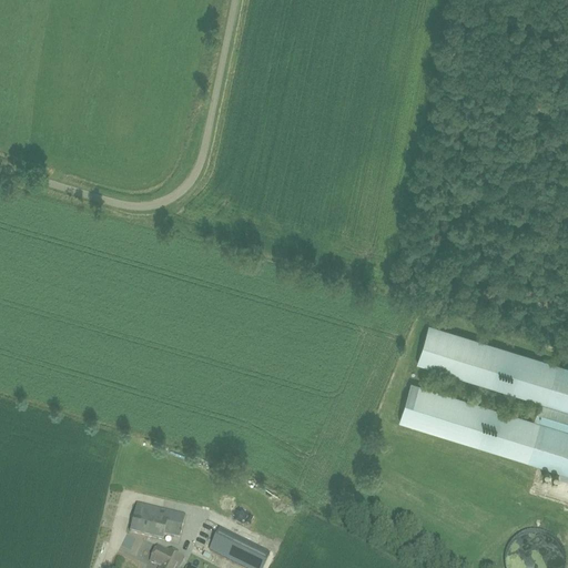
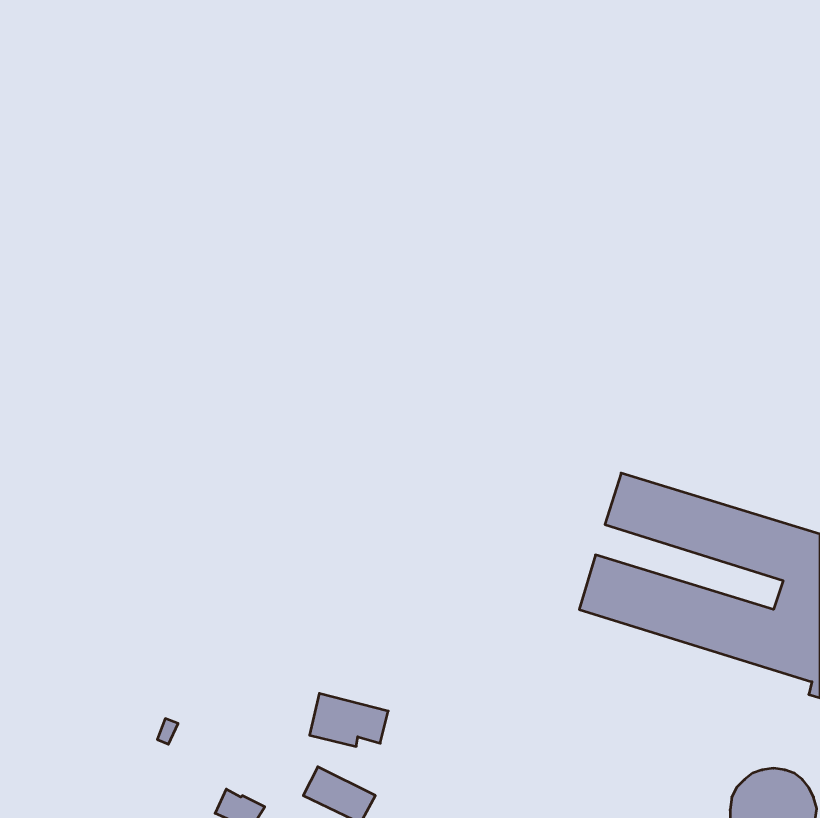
building: [131,505,185,541] -> [310,693,388,746]

